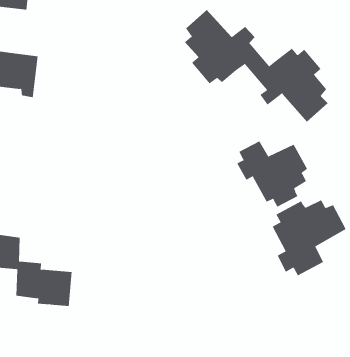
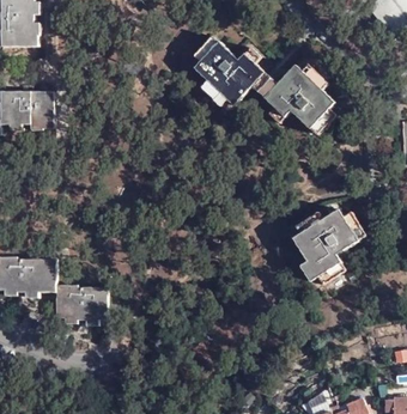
building: [236,140,308,208] -> none

